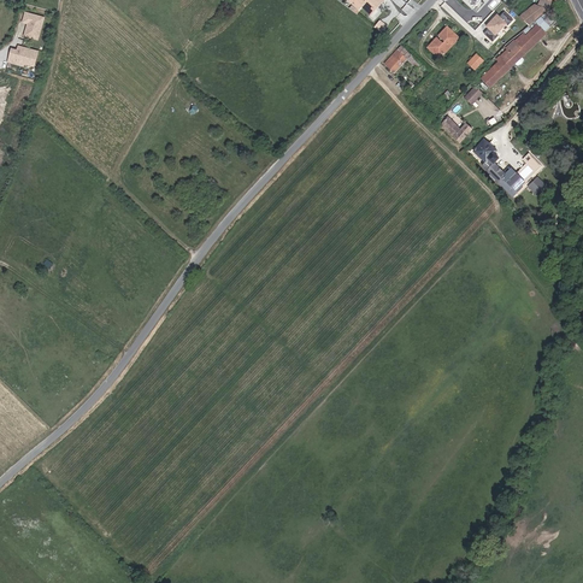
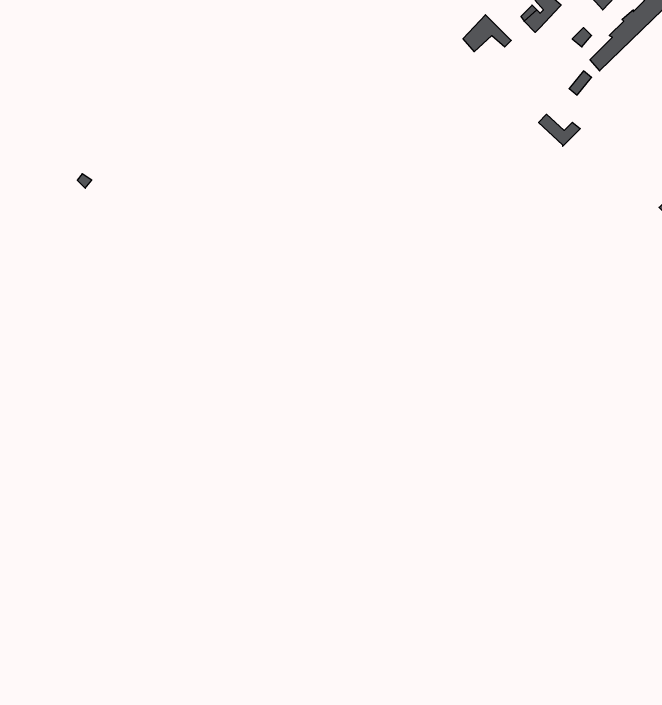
building: [475,141,523,193] -> none

